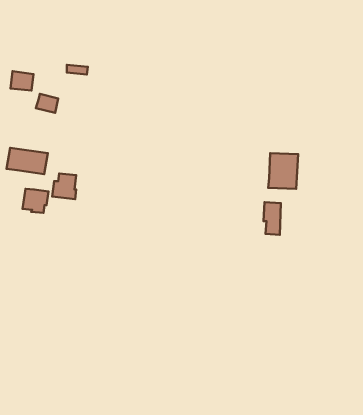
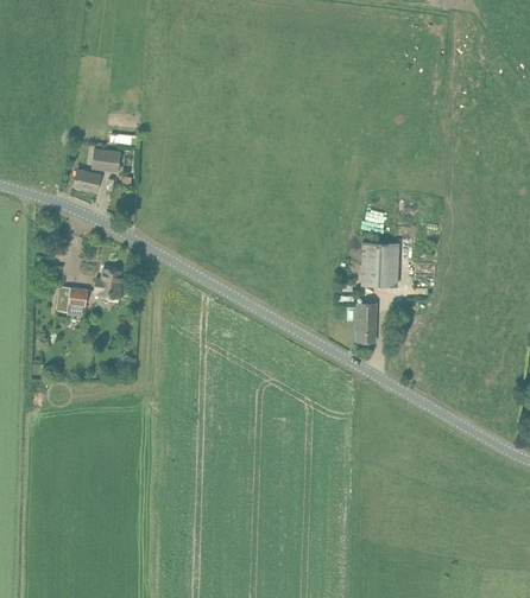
building: [10,71,34,90] -> [94,147,122,171]
building: [7,148,48,174] -> none

